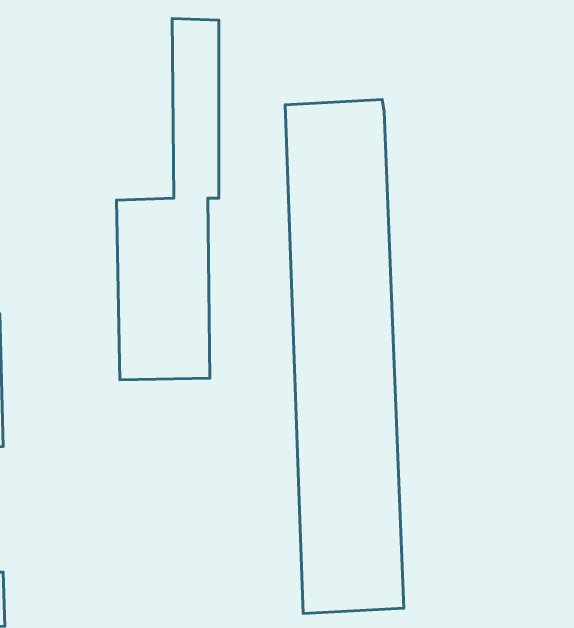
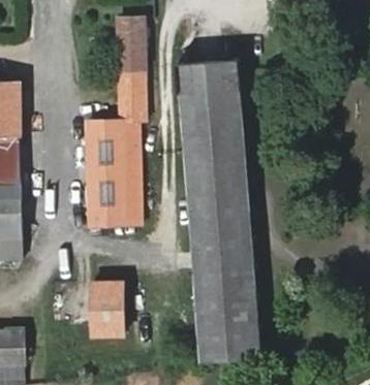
building: none -> [92,281,125,334]

